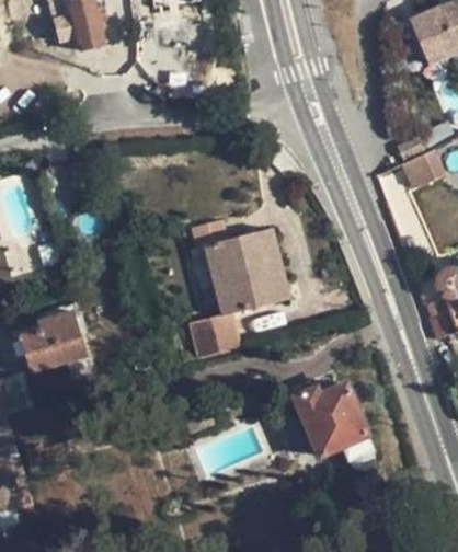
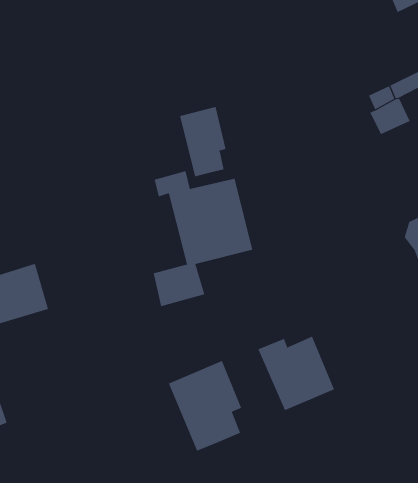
building: none -> [180,106,226,177]
building: none -> [168,360,242,452]

